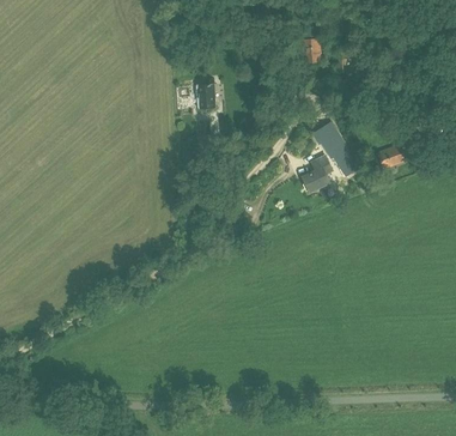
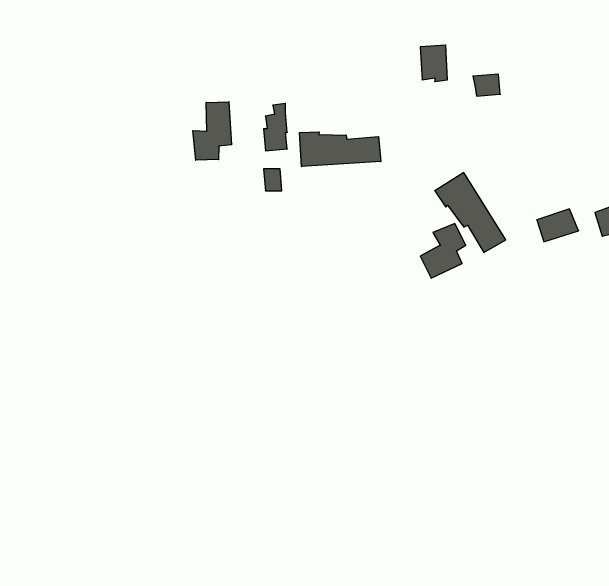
building: none -> [193,102,232,160]
building: none -> [300,132,381,167]

